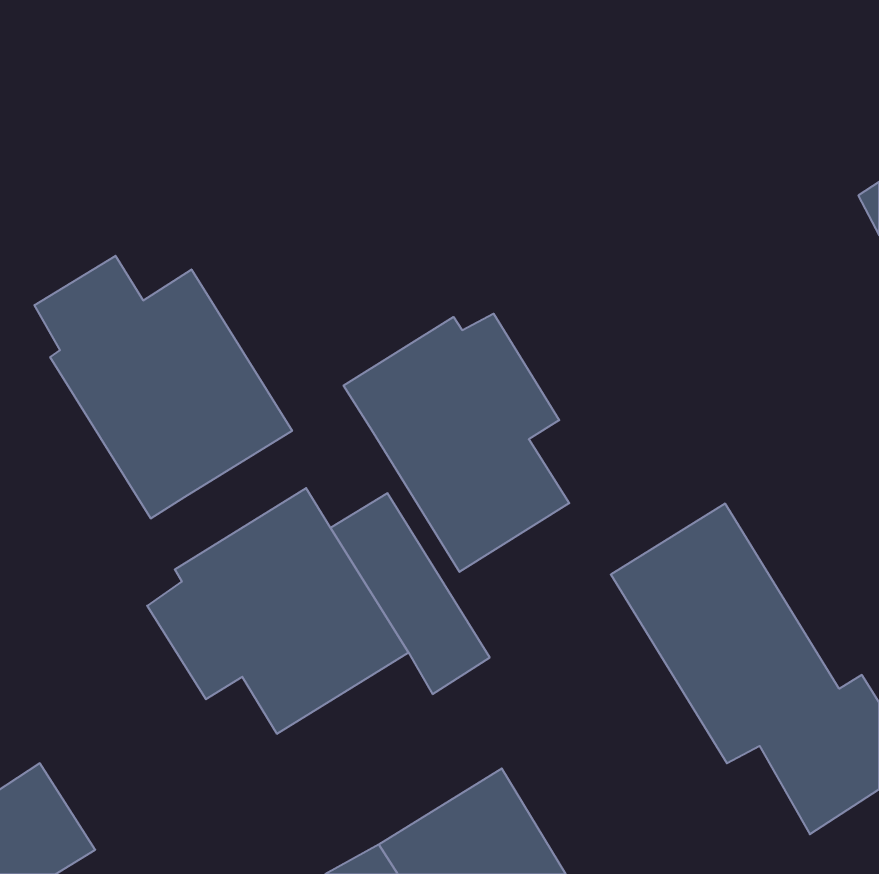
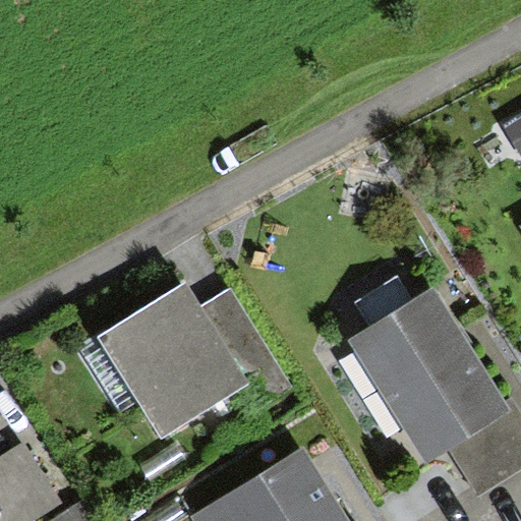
building: [34,256,292,519] -> none
building: [344,314,569,572] -> none

